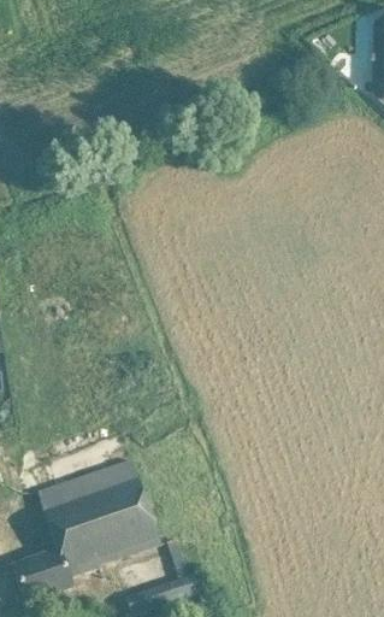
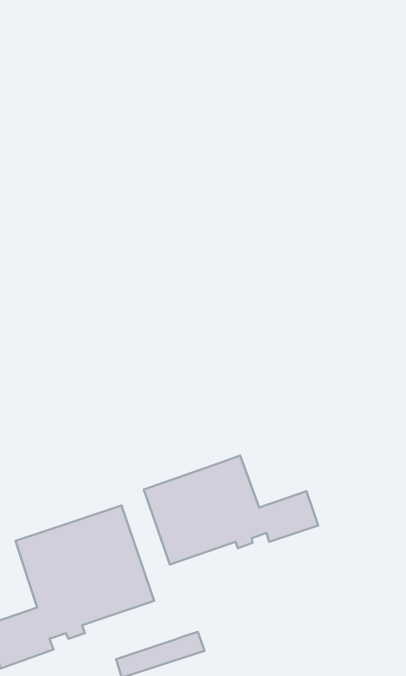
building: none -> [144,456,318,565]

